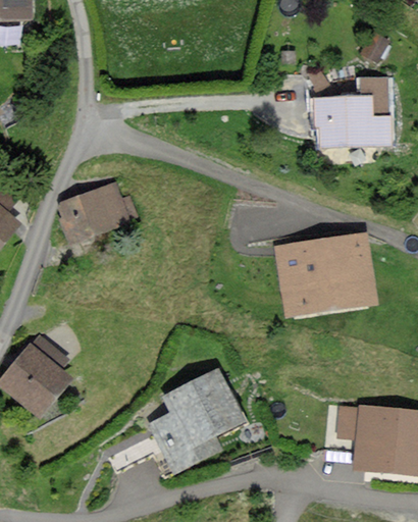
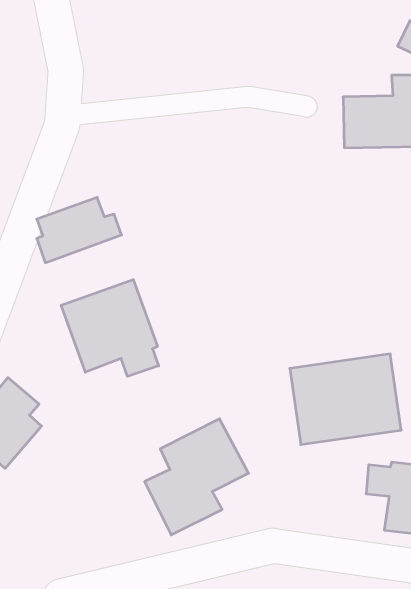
building: [277,236,371,312] -> [290,354,401,445]
building: none -> [61,280,159,376]

